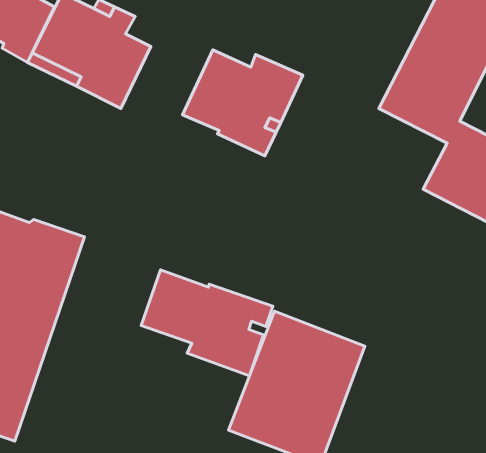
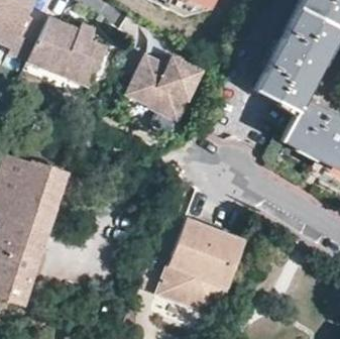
building: [141,270,273,376] -> none

